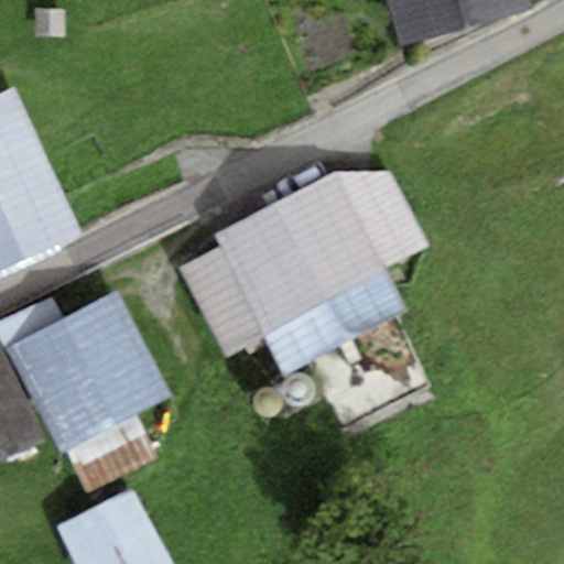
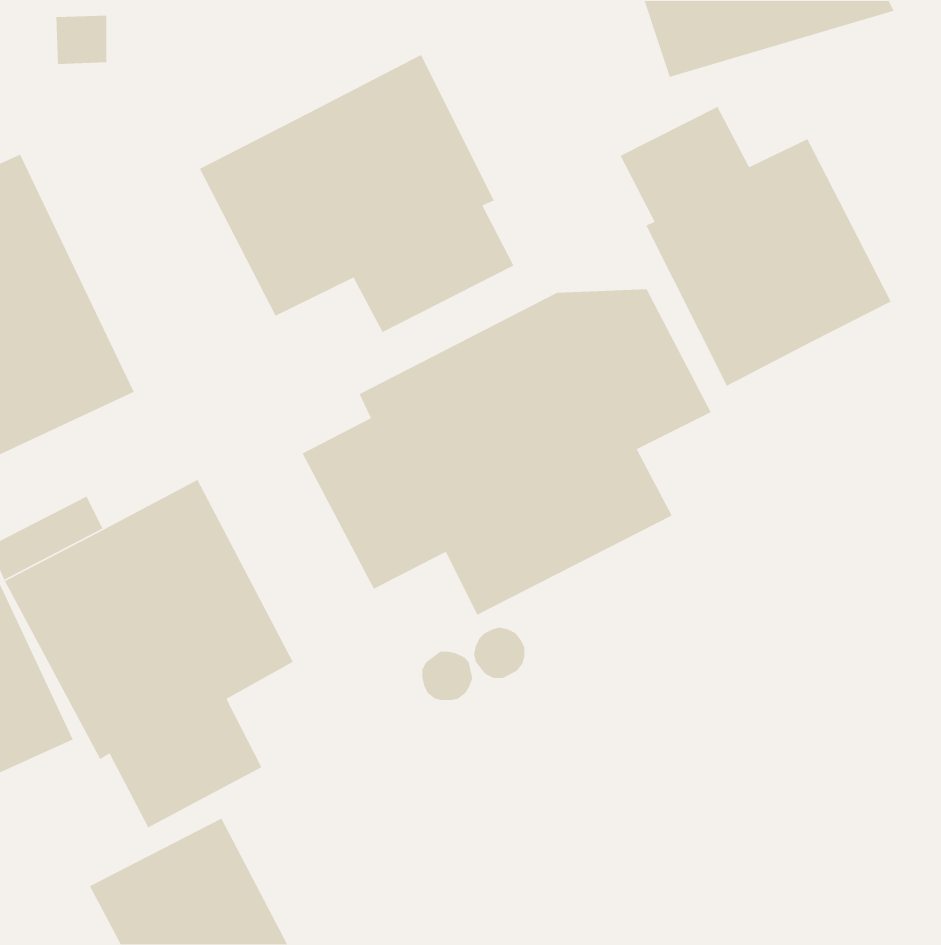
building: none -> [199,54,514,333]
building: none -> [620,106,892,387]

